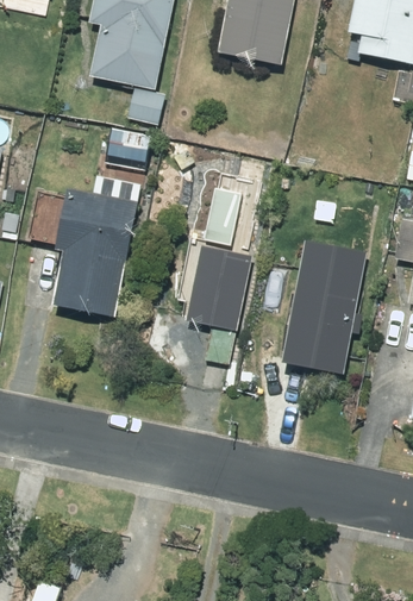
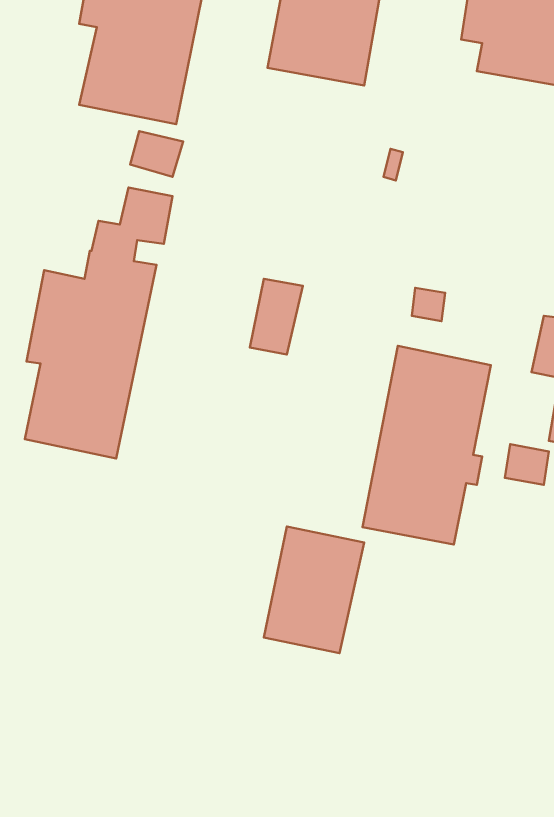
building: [184,245,252,331] -> [264,527,364,653]

